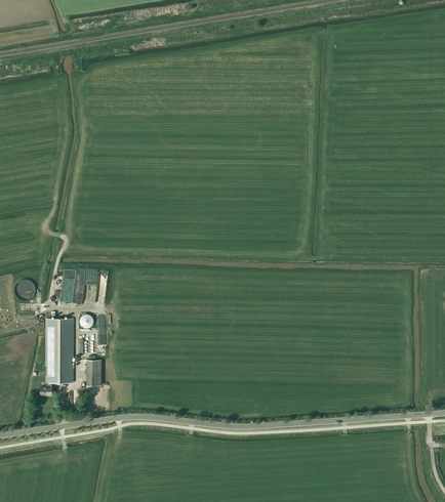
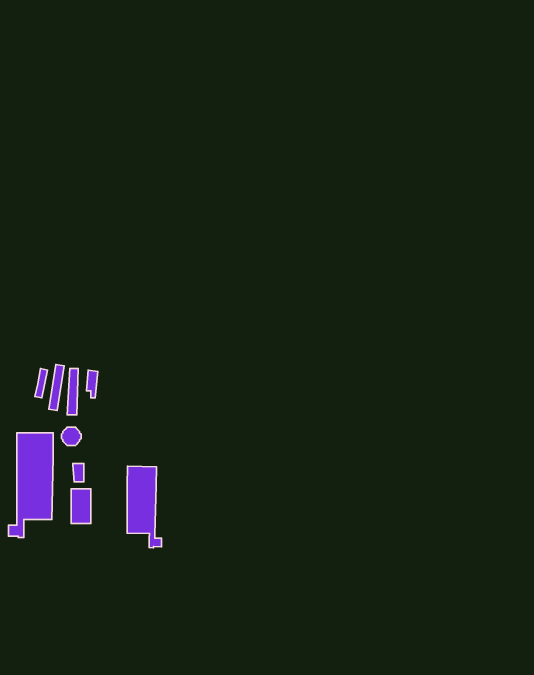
building: none -> [127,466,162,548]

